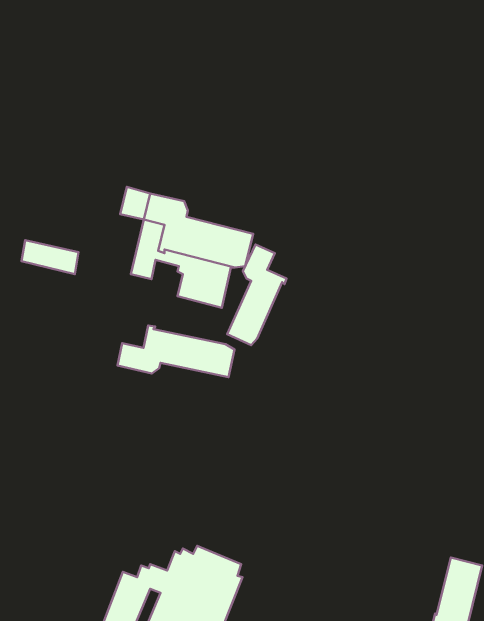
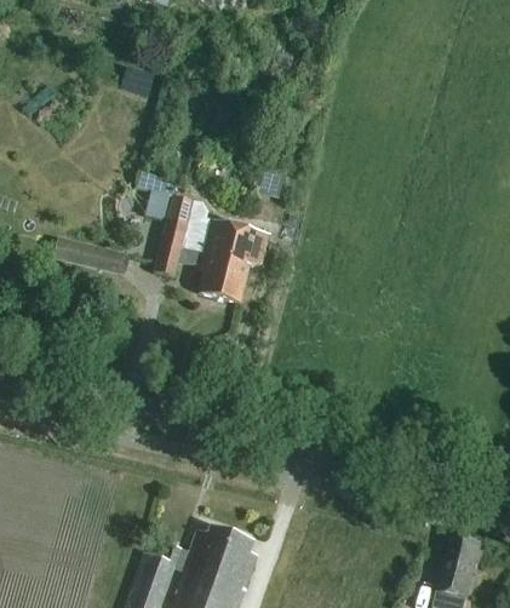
building: [227,245,286,345] -> none
building: [118,326,234,377] -> none

